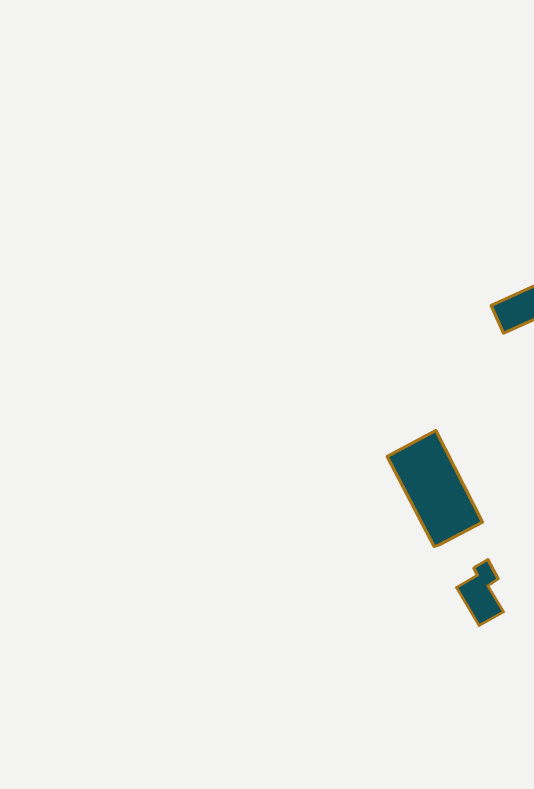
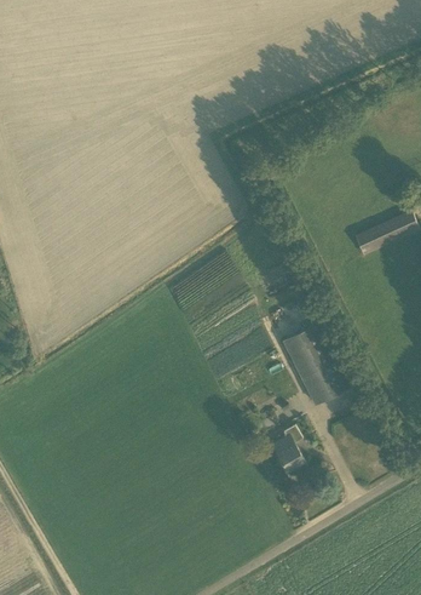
building: [457,560,503,626] -> [271,424,304,470]

